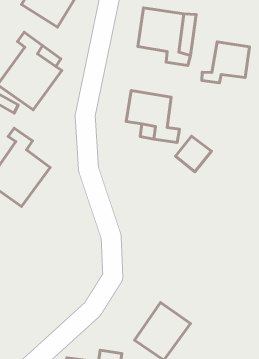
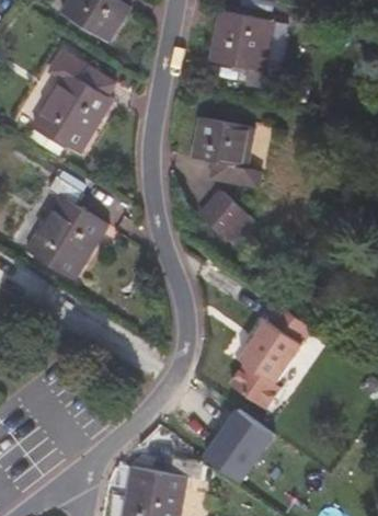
building: [202,42,250,83] -> none
building: [176,136,212,172] -> [211,202,259,249]
building: none -> [220,299,306,403]

